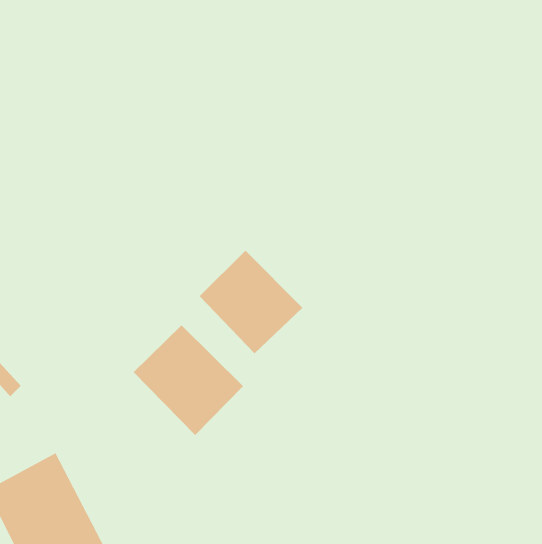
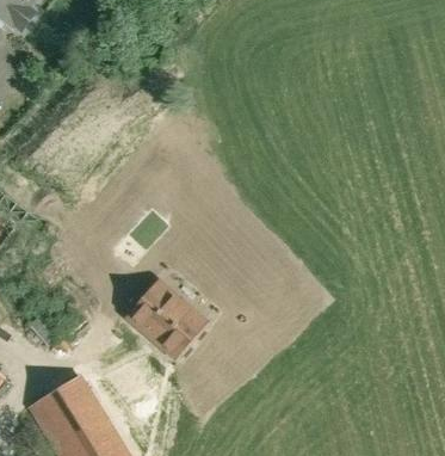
building: [199,250,303,354] -> none

